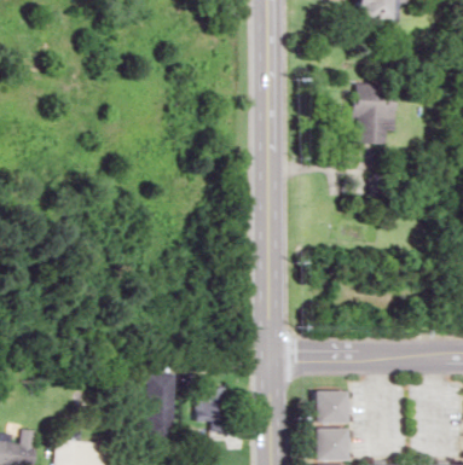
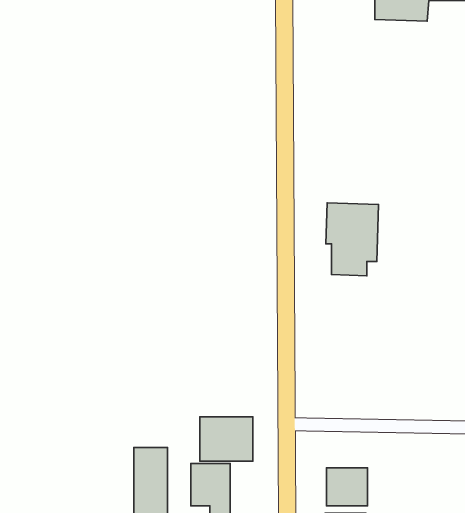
building: [354,83,398,144] -> [326,203,378,276]
building: none -> [200,417,253,461]

